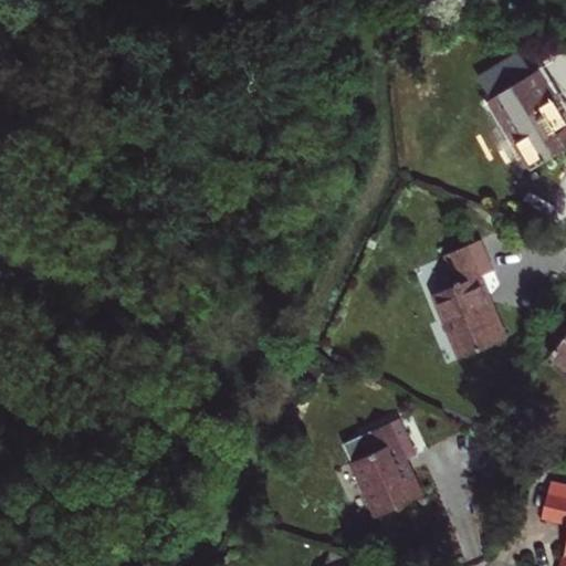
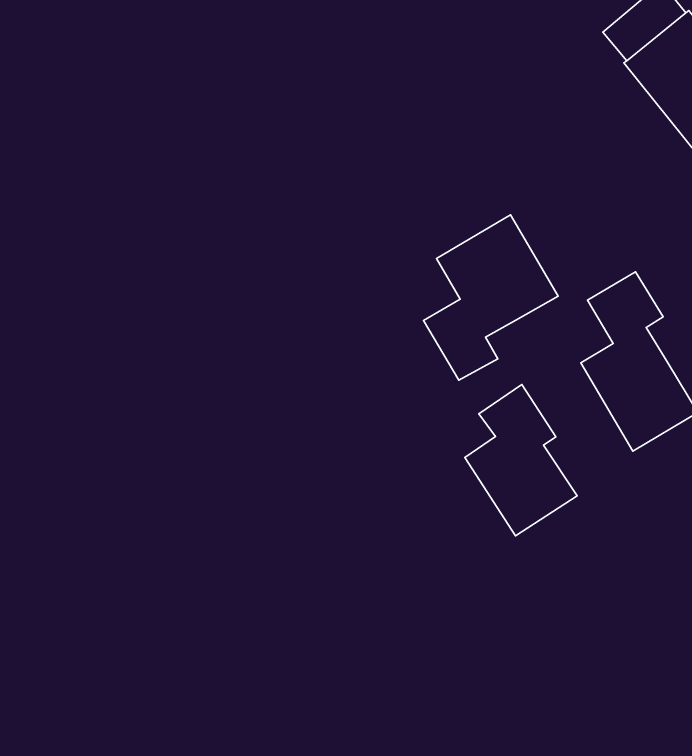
building: none -> [424,215,558,380]
building: [353,419,423,518] -> [465,385,577,536]

